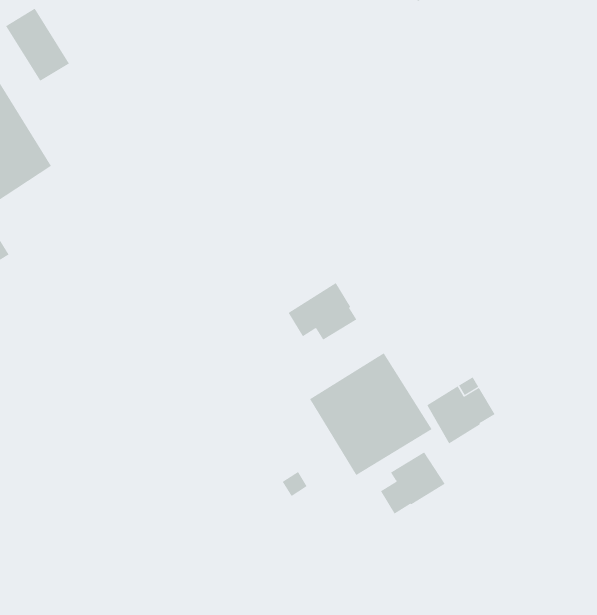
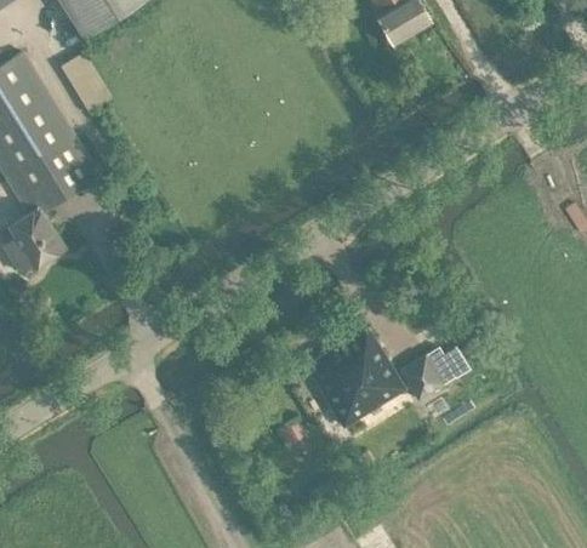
building: [288,282,357,340] -> none
building: [380,452,446,514] -> none

